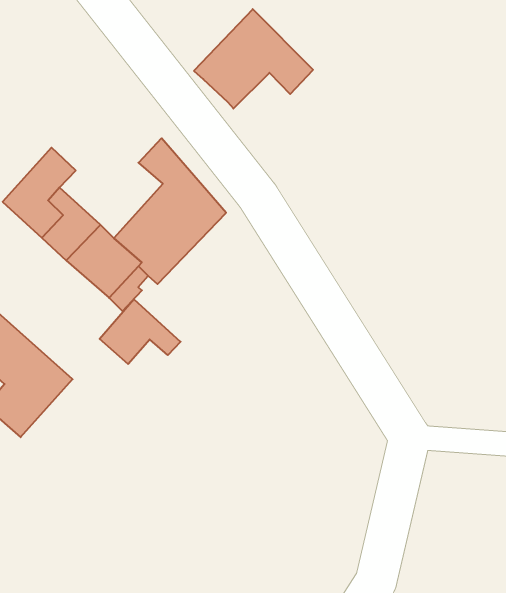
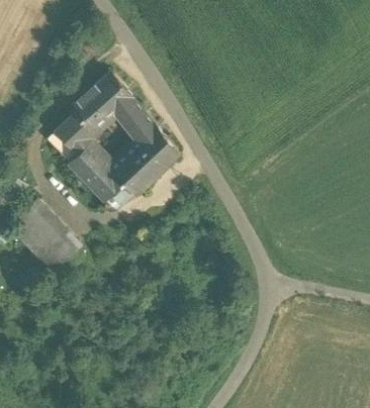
building: [194,9,313,109] -> [73,74,142,130]
building: [100,299,181,364] -> none

